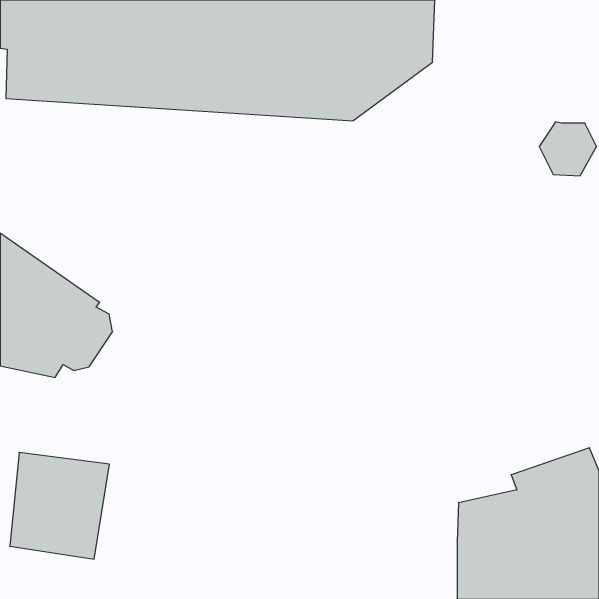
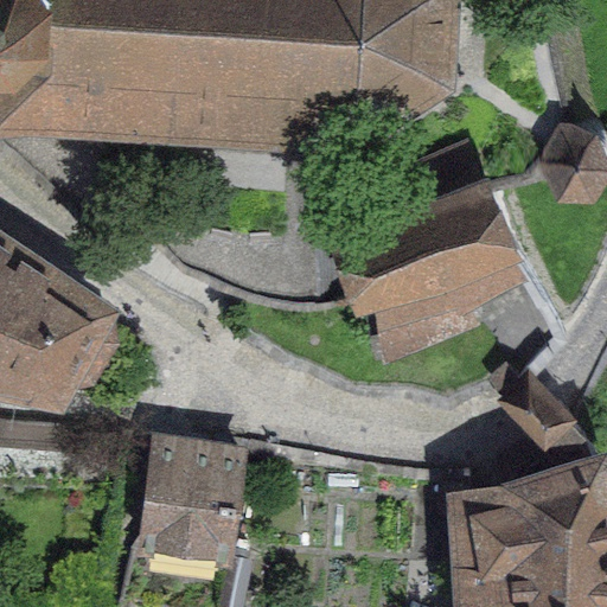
building: none -> [347,145,511,347]
building: [10,452,109,559] -> [143,439,244,547]

